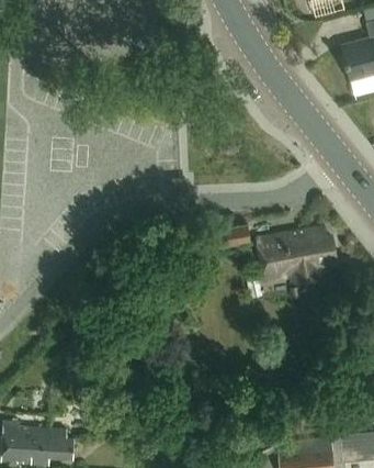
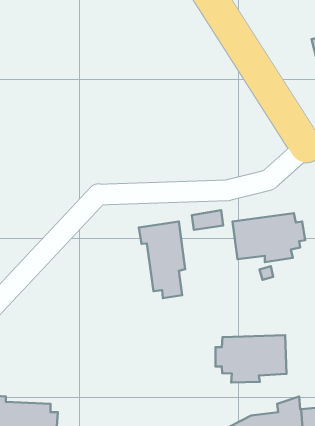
building: none -> [139,222,185,298]
building: none -> [215,335,287,382]

